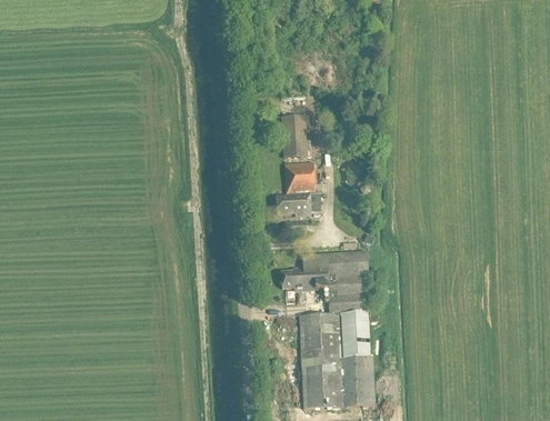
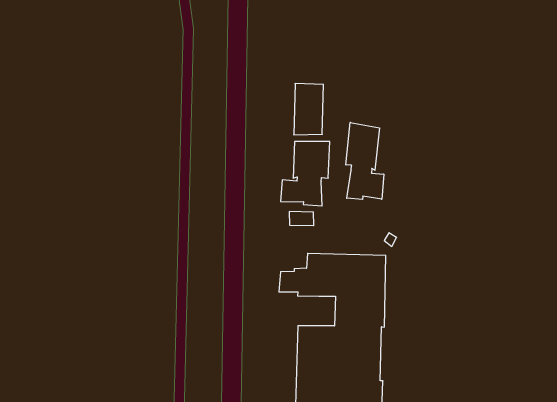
building: none -> [346,122,384,199]

